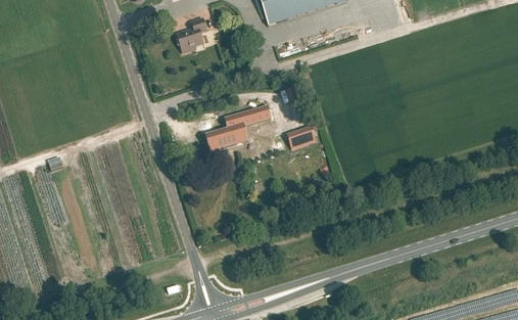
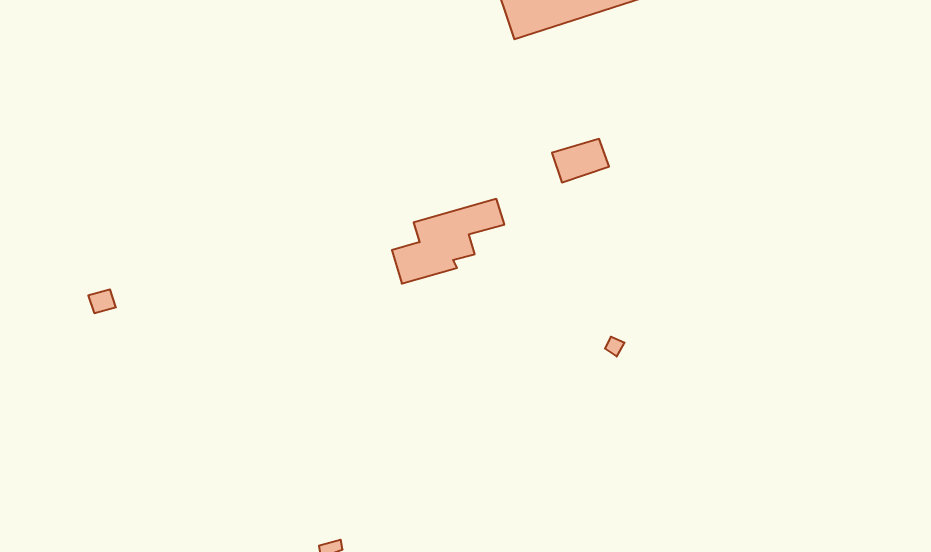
building: [178,17,208,52] -> none
building: [287,127,317,149] -> [552,139,609,182]

